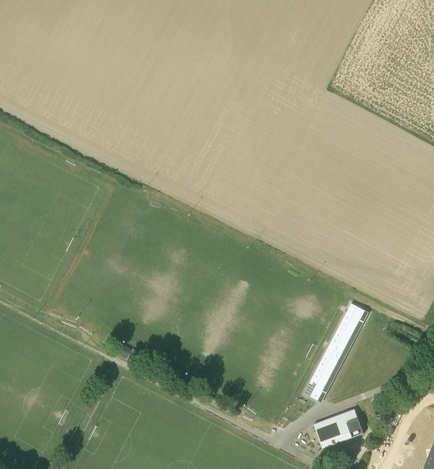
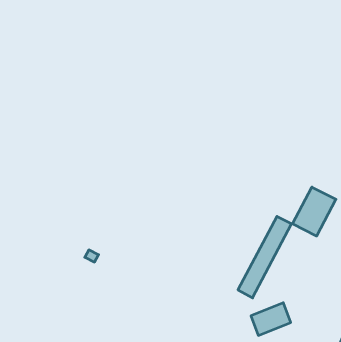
building: none -> [293,187,336,236]

